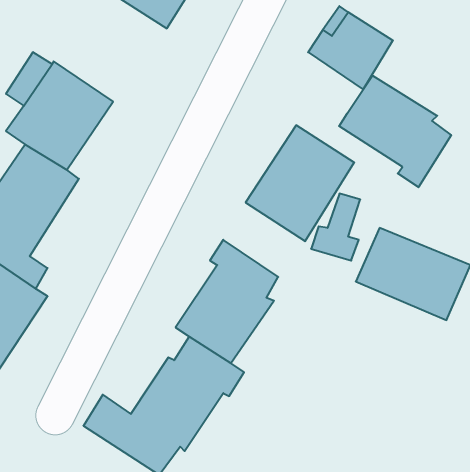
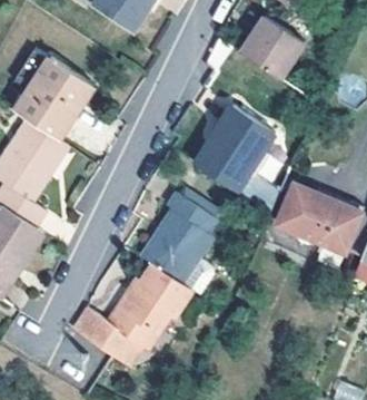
building: [339,75,451,187] -> none

